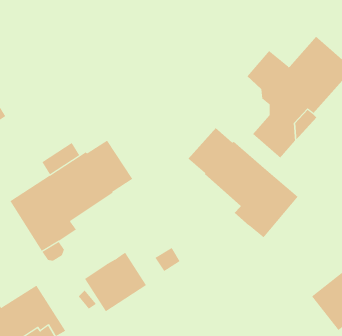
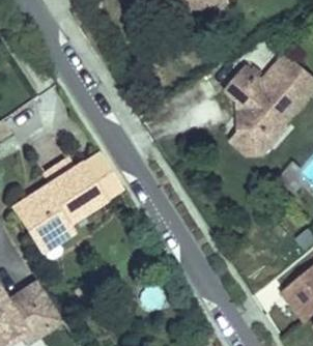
building: [188,127,298,238] -> none
building: [84,252,147,312] -> none

